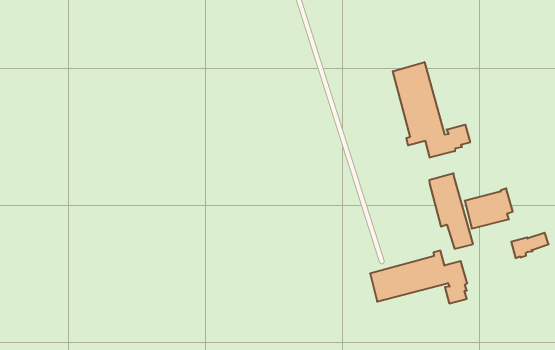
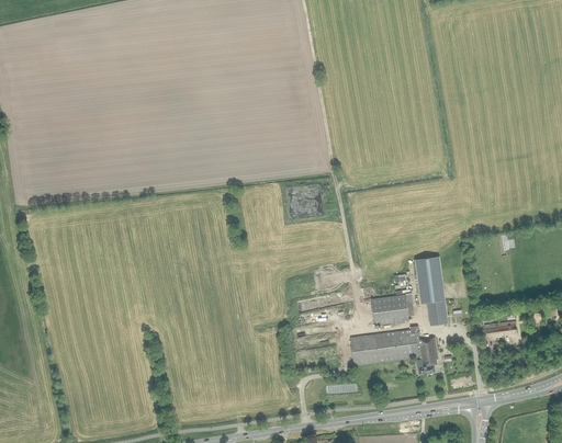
building: [393,62,470,158] -> none
building: [465,188,513,229] -> [371,292,414,325]

